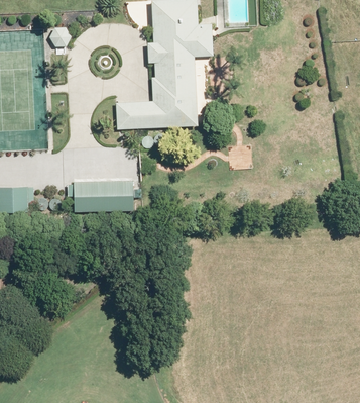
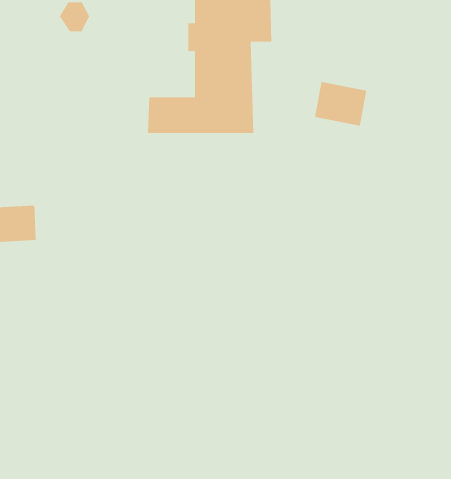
building: none -> [315,81,367,127]
building: [73,179,135,214] -> none

